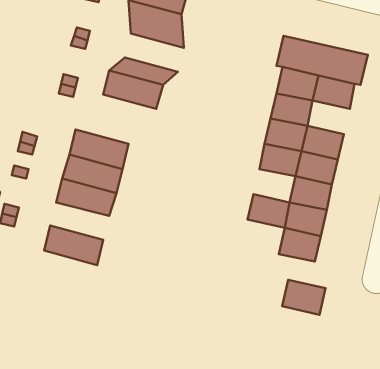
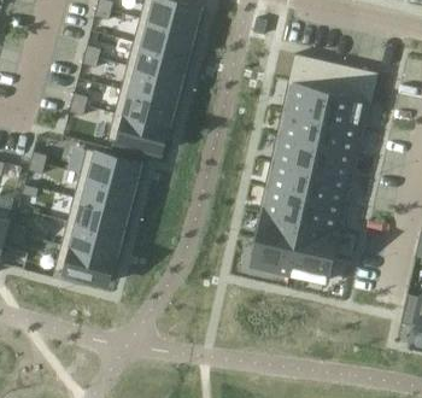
building: none -> [135,53,194,92]
building: none -> [107,115,166,154]
building: none -> [318,121,361,154]
building: none -> [264,189,306,223]
building: none -> [60,223,119,261]
building: [282,280,325,315] -> [252,240,295,275]

